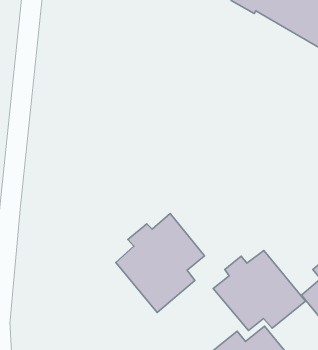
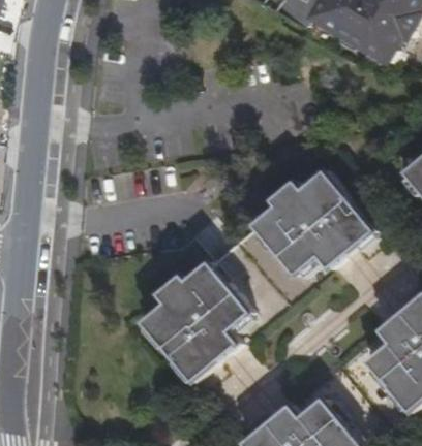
building: none -> [251,171,373,276]
building: [213,251,306,331] -> none

